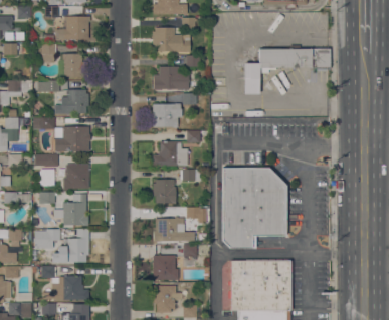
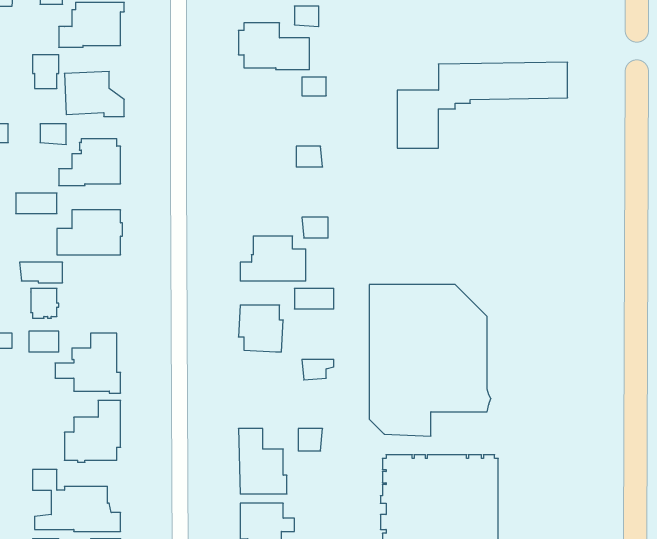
building: [154,66,201,90] -> none
building: [153,103,182,127] -> none
building: [64,165,89,191] -> none
building: [155,217,196,242] -> none
building: [35,230,60,248] -> none

